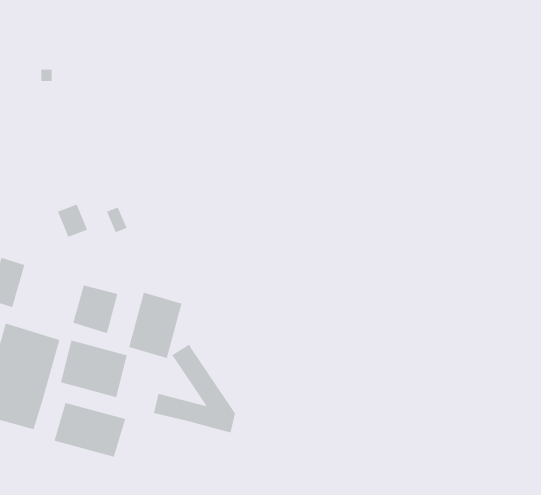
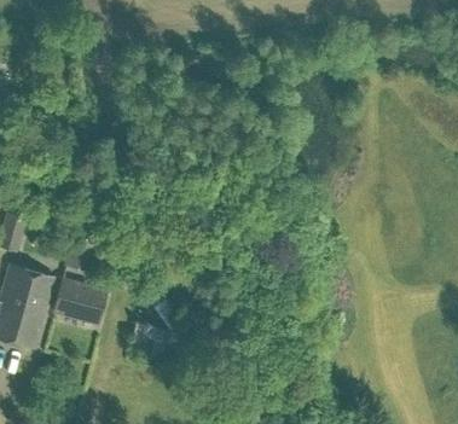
building: [128,292,182,359] -> none
building: [54,402,126,458] -> none

